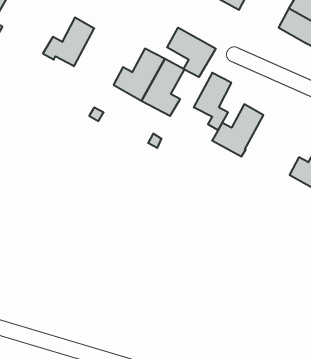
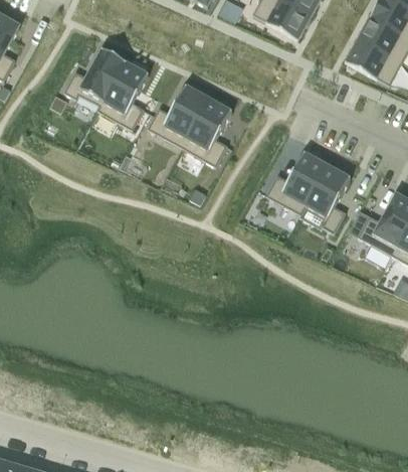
building: [167,28,216,77] -> none
building: none -> [97,60,150,129]
building: [194,73,231,130] -> [305,164,351,232]

